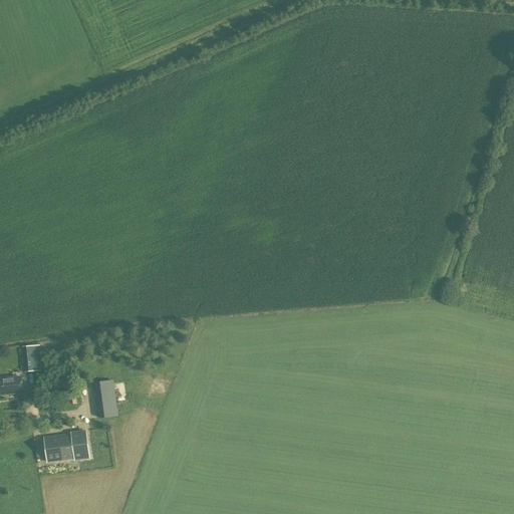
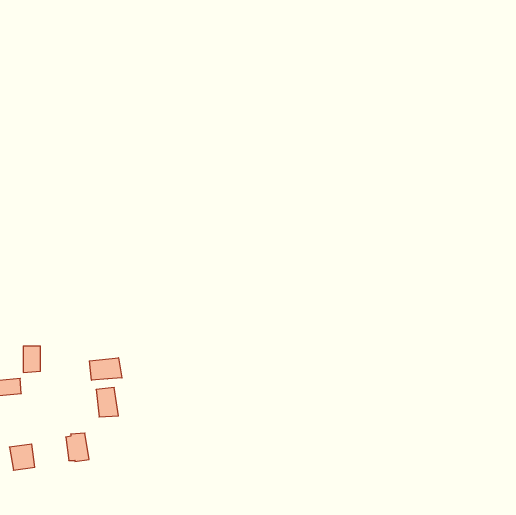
building: none -> [89,358,122,380]
building: [43,434,68,460] -> [9,444,35,470]

